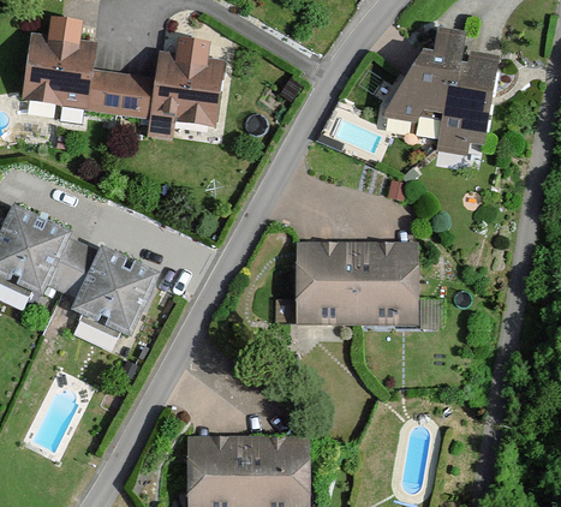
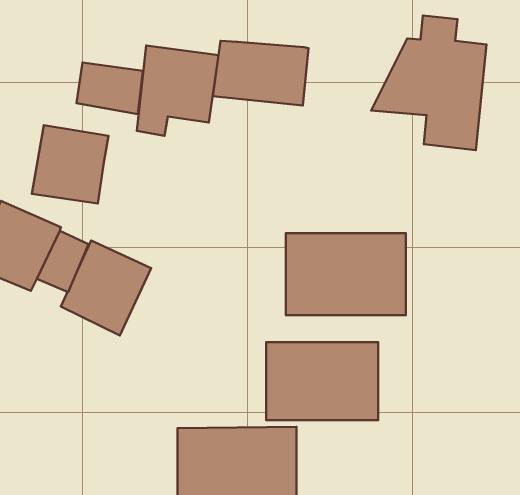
building: [20,34,97,112] -> [32,125,109,203]
building: none -> [213,41,308,105]
building: none -> [266,342,378,420]

